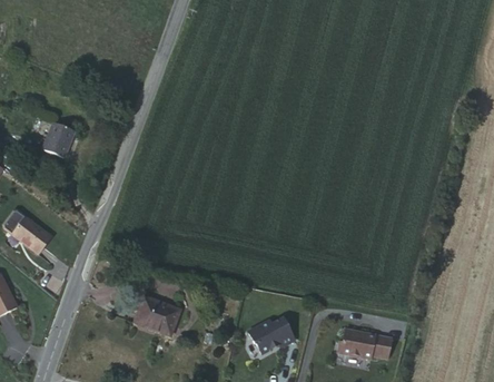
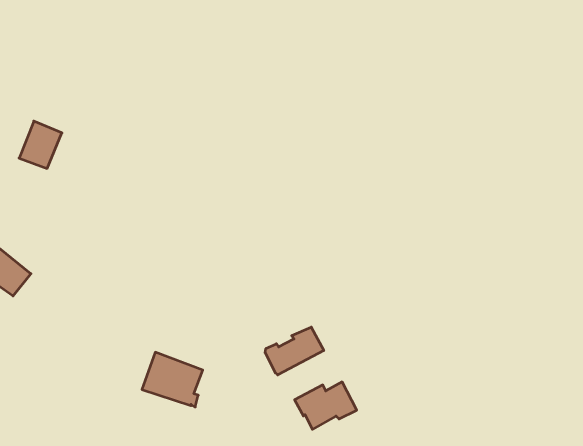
building: none -> [265,327,324,375]
building: [340,331,394,359] -> none

